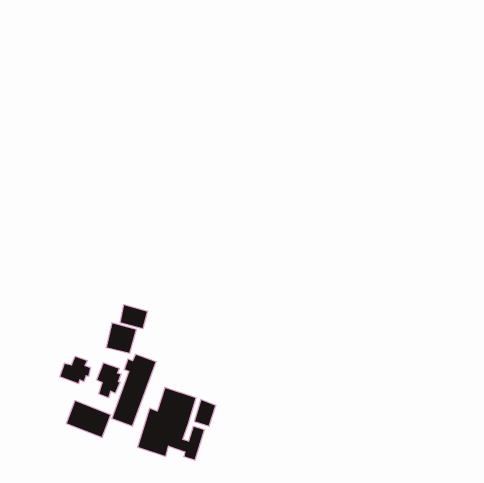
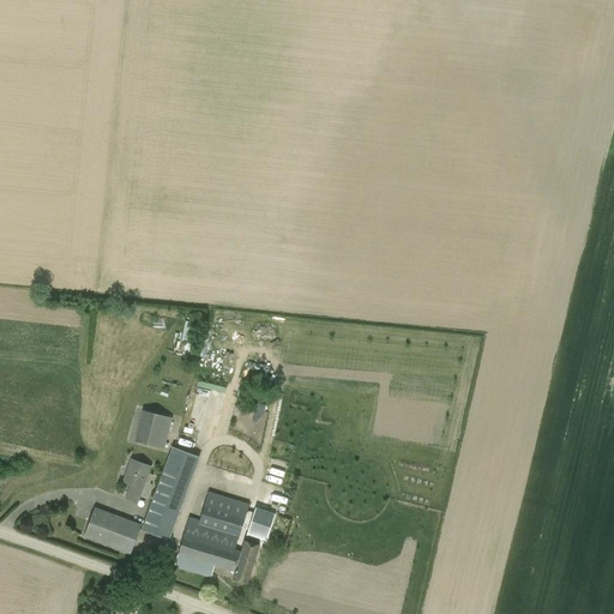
building: [120,305,148,329] -> none
building: [60,356,91,384] -> none

